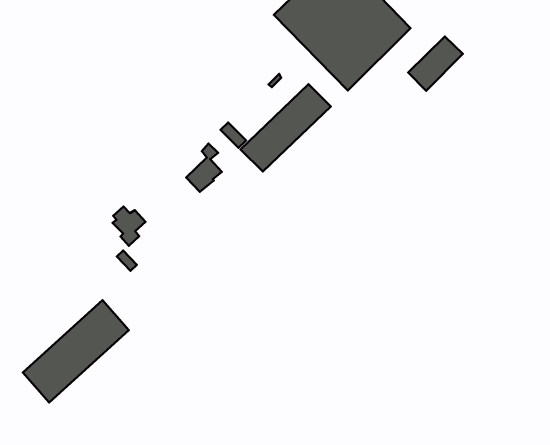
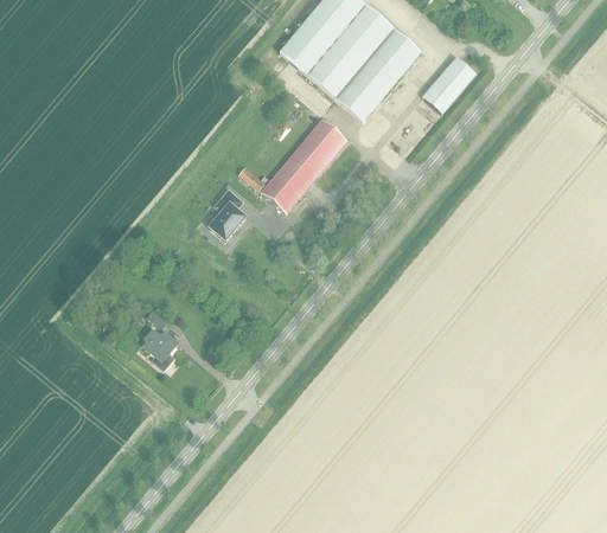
building: [113,207,145,246] -> [143,328,177,367]
building: [23,300,129,402] -> none

